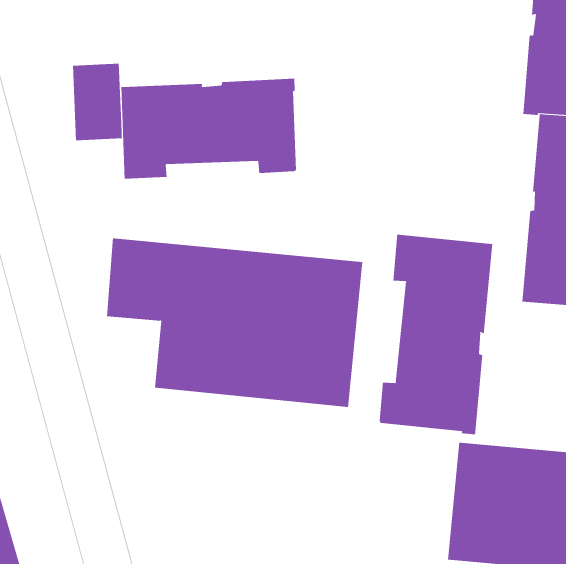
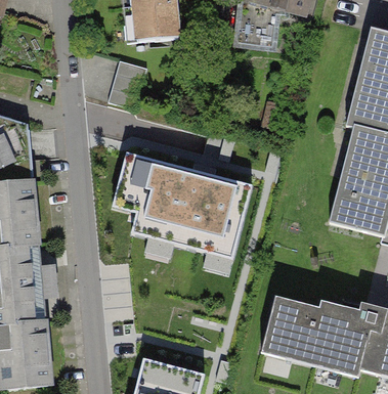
building: [121,78,296,180] -> none
building: [379,234,493,435] -> none

